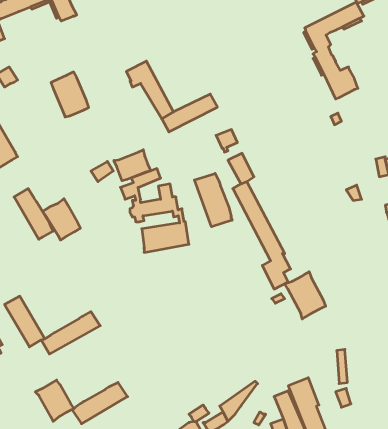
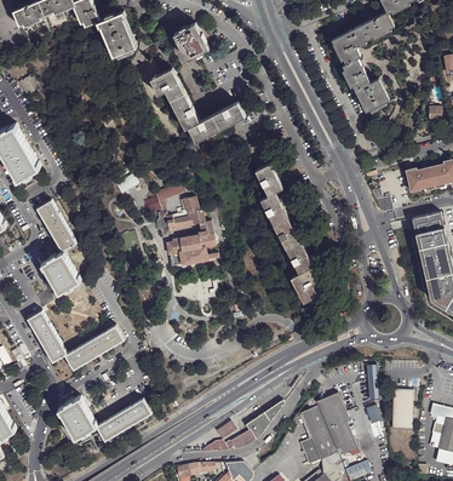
building: none -> [173,24,208,61]
building: [51,72,89,117] -> [97,13,136,59]
building: [114,150,151,181] -> none
building: [194,173,232,227] -> none
building: [43,199,80,240] -> [40,252,79,294]
building: [285,272,326,319] -> none
building: none -> [389,393,412,431]

